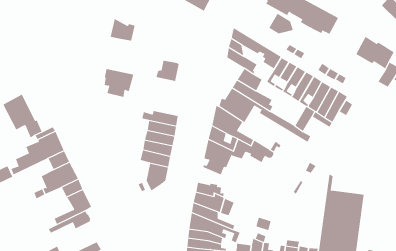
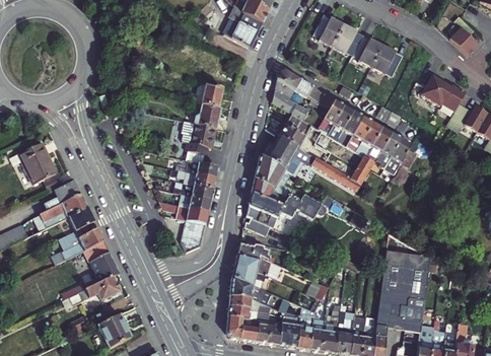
building: [269,13,294,34] -> none
building: [110,18,135,41] -> [192,80,221,106]
building: [104,68,134,98] -> [181,121,215,154]

